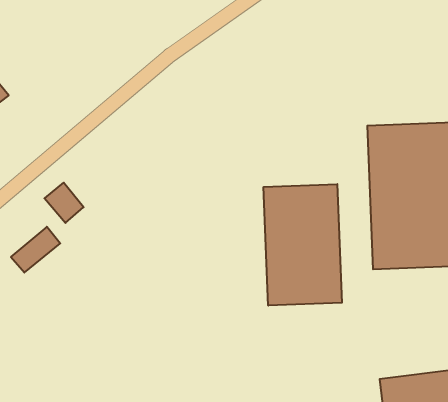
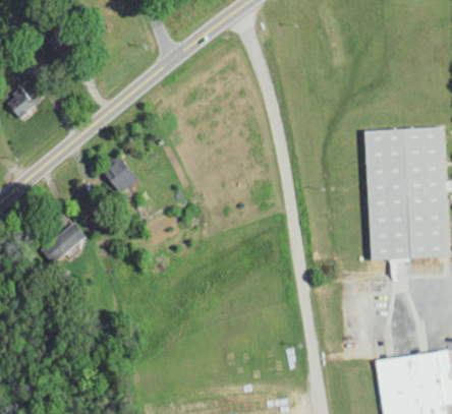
building: [44,183,84,223] -> [102,157,137,193]
building: [264,184,342,306] -> none

